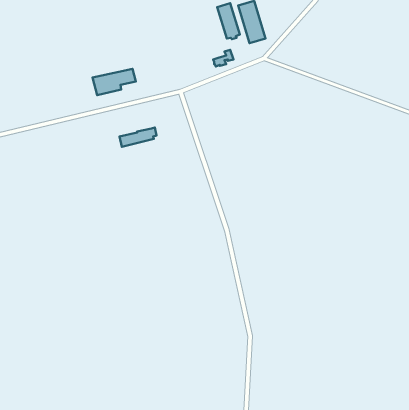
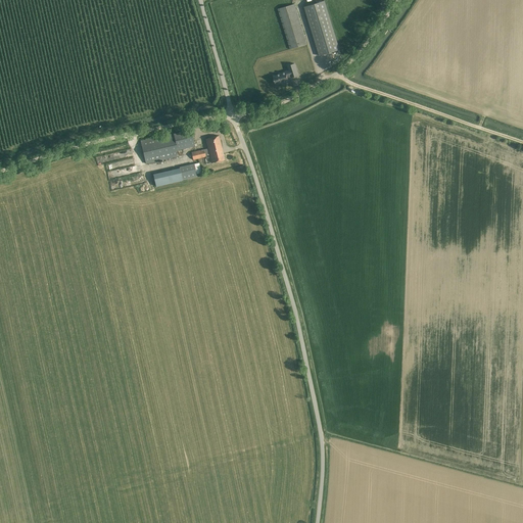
building: [92,69,136,95] -> [139,130,194,163]
building: none -> [190,136,224,163]

